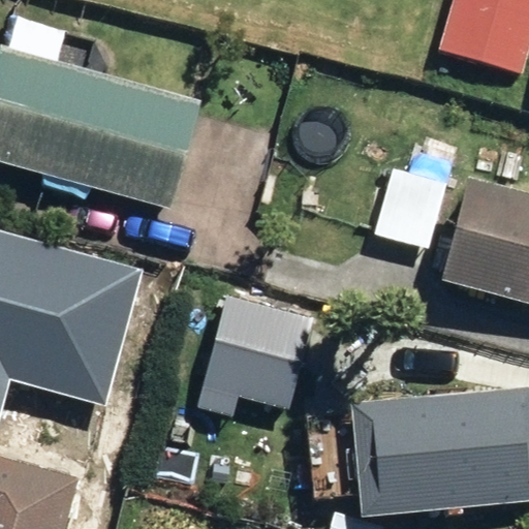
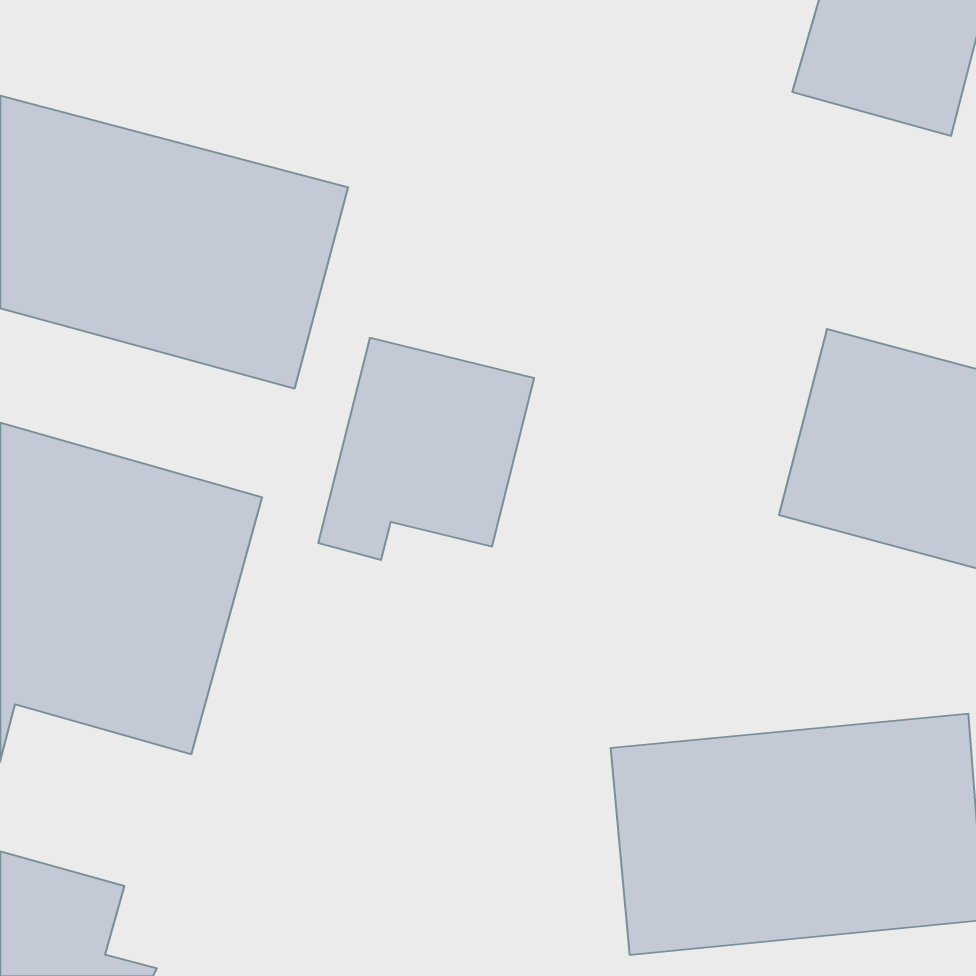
building: [203,293,319,413] -> [318,338,534,560]

